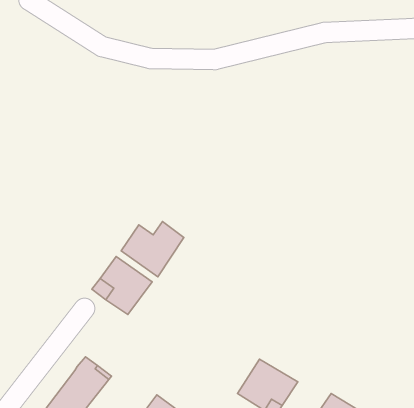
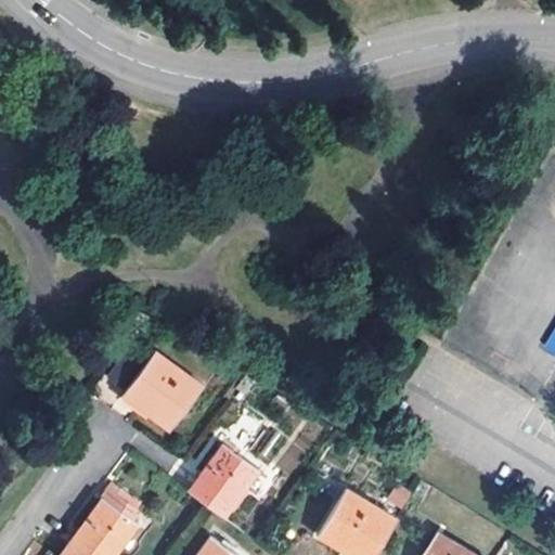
building: [121,221,184,277] -> none
building: none -> [189,447,257,517]

